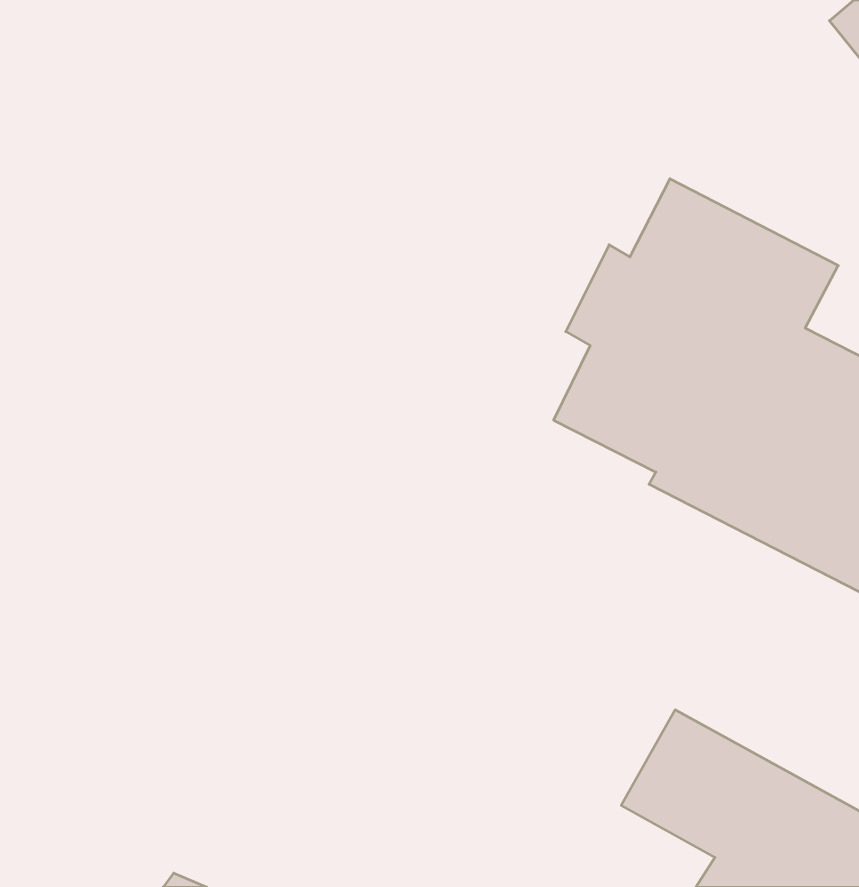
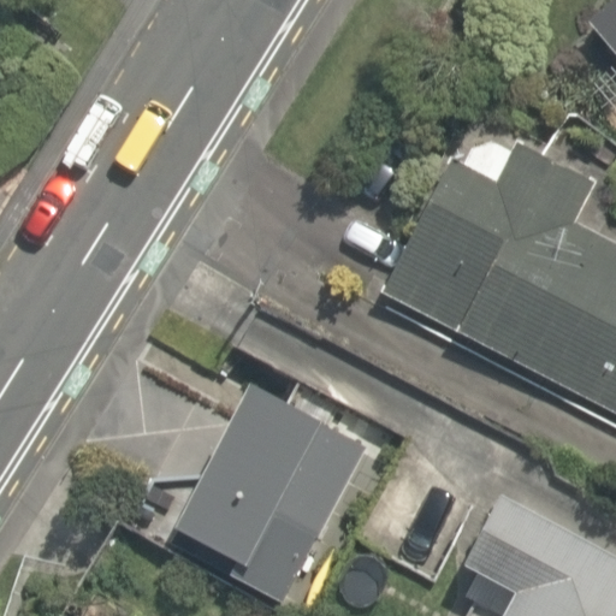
building: none -> [168,397,374,609]

